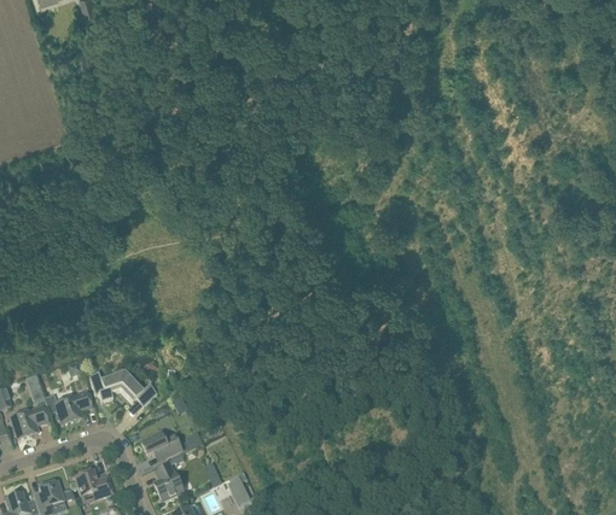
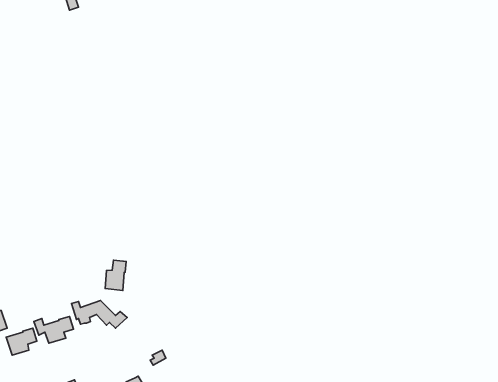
building: none -> [105,260,126,291]
building: [141,431,182,456] -> none

